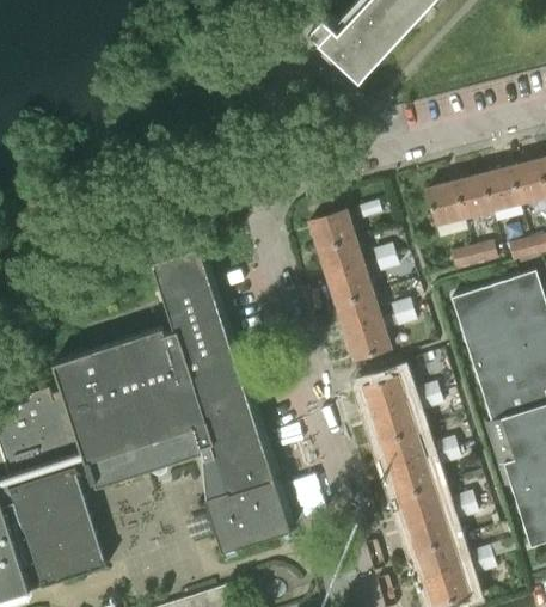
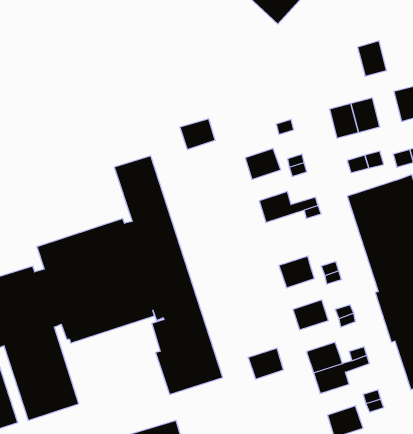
building: [483,166,520,211] -> [358,41,387,76]
building: [311,211,356,251] -> [180,119,215,150]
building: [329,266,374,306] -> none
building: [346,321,392,361] -> none
building: [373,405,418,444] -> none
building: [389,459,435,498] -> [248,348,284,379]
building: [416,540,461,580] -> none

